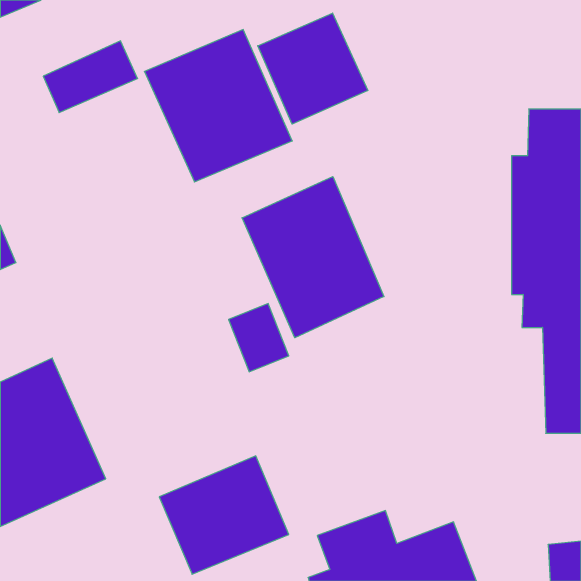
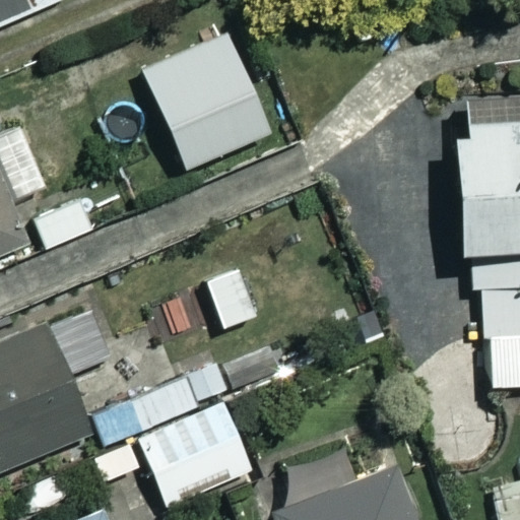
building: [258,13,368,124] -> none
building: [242,177,384,338] -> none

